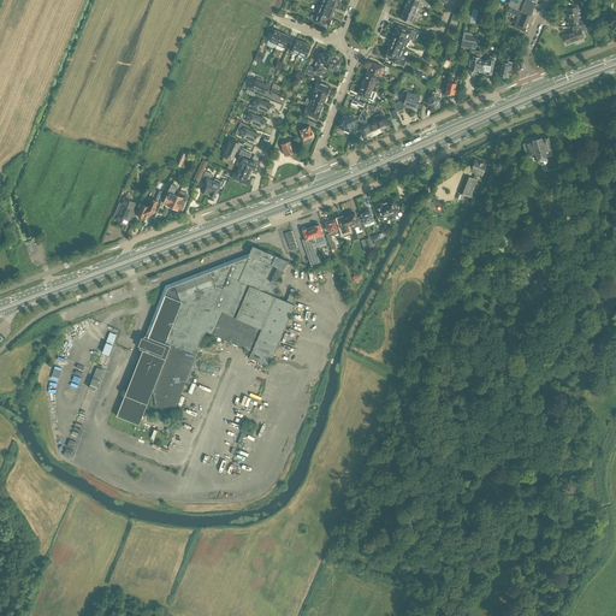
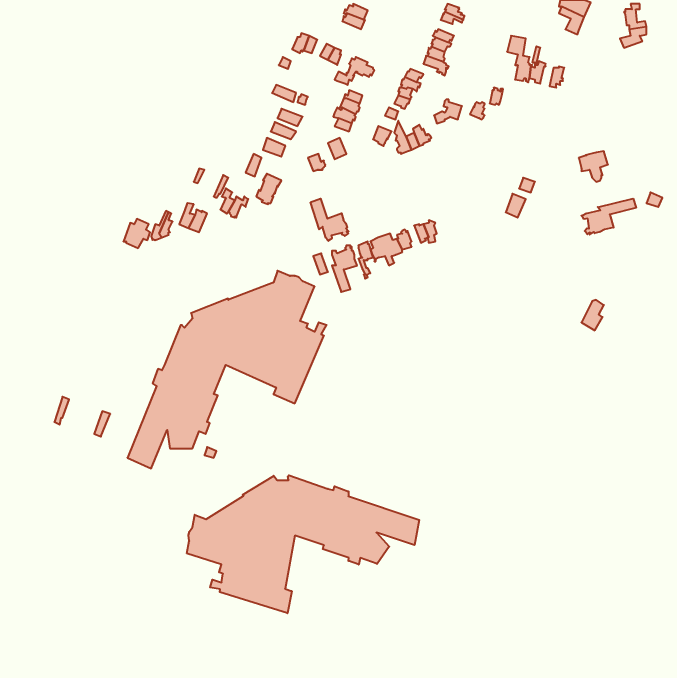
building: none -> [311,199,349,241]
building: none -> [581,199,636,235]
building: none -> [187,475,419,613]

